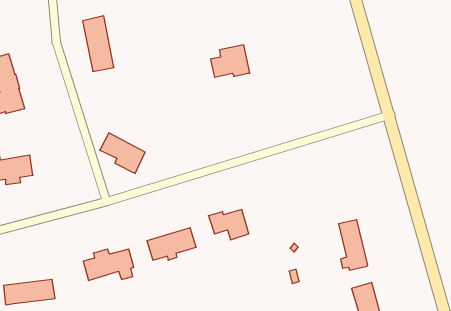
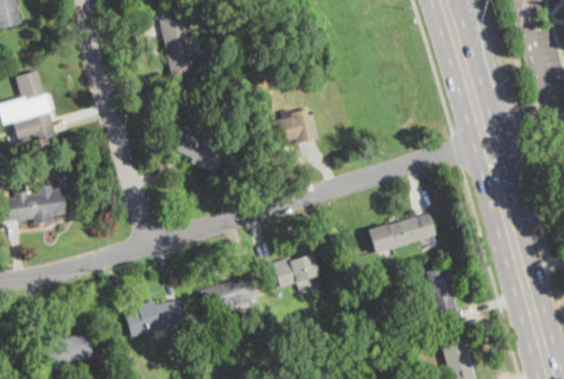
building: [83,16,114,71] -> [160,15,197,81]
building: [210,45,250,77] -> [271,106,317,144]
building: [100,133,145,173] -> [173,128,227,176]
building: none -> [369,215,437,253]

